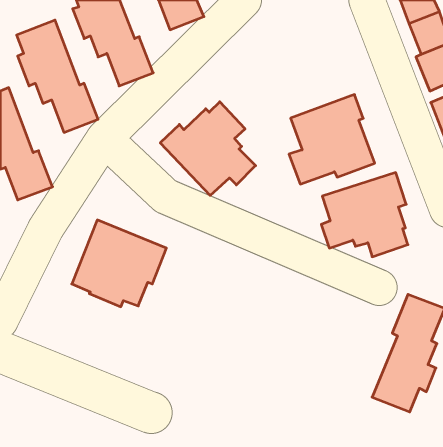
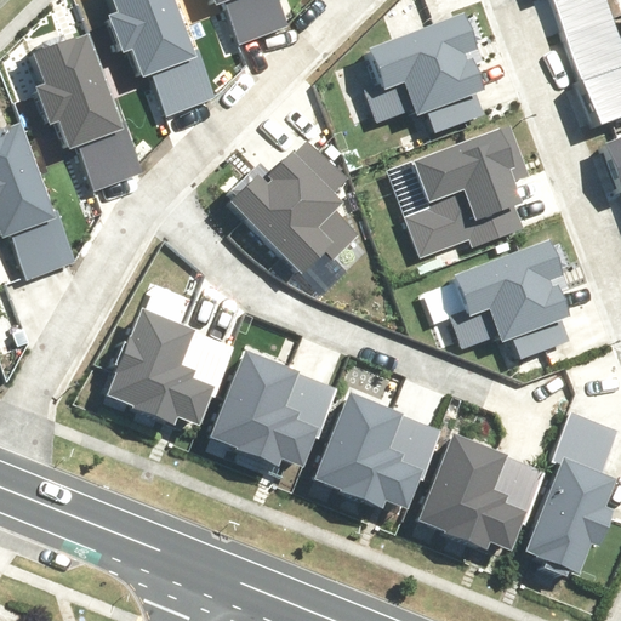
building: none -> [357,19,477,136]
building: none -> [205,351,337,471]
building: none -> [312,389,444,508]
building: none -> [417,428,549,547]

